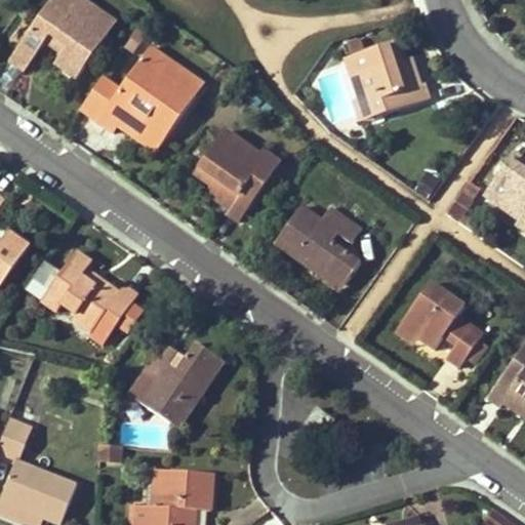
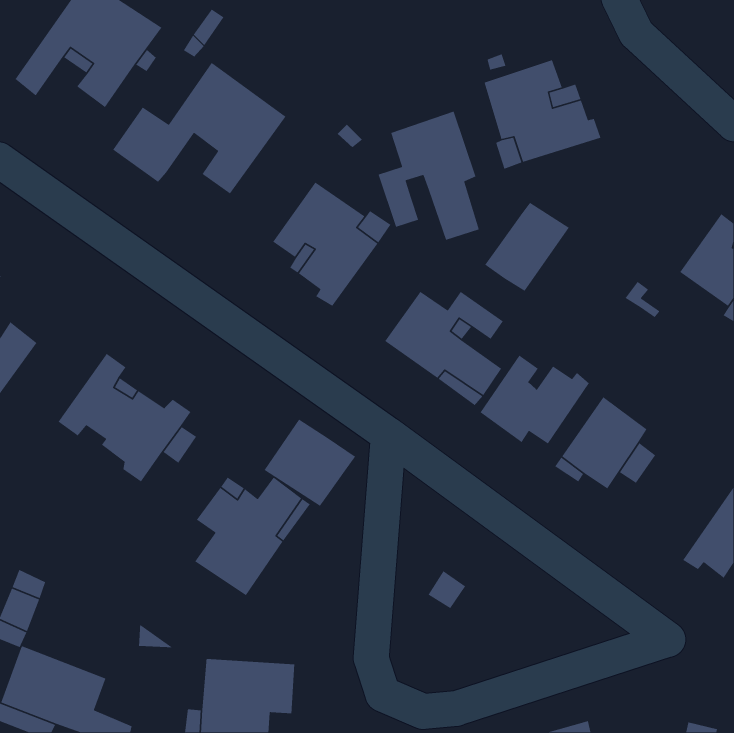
building: none -> [378,111,480,241]
building: [119,95,164,150] -> none
building: none -> [484,202,570,292]
building: none -> [479,355,590,444]
building: none -> [264,418,356,507]
building: [445,324,484,367] -> none

